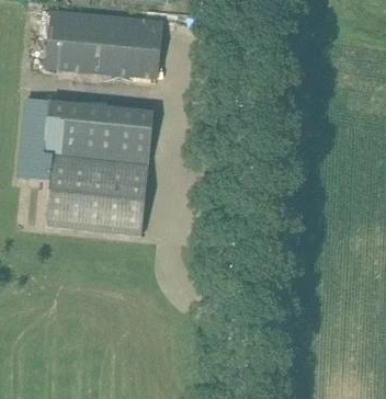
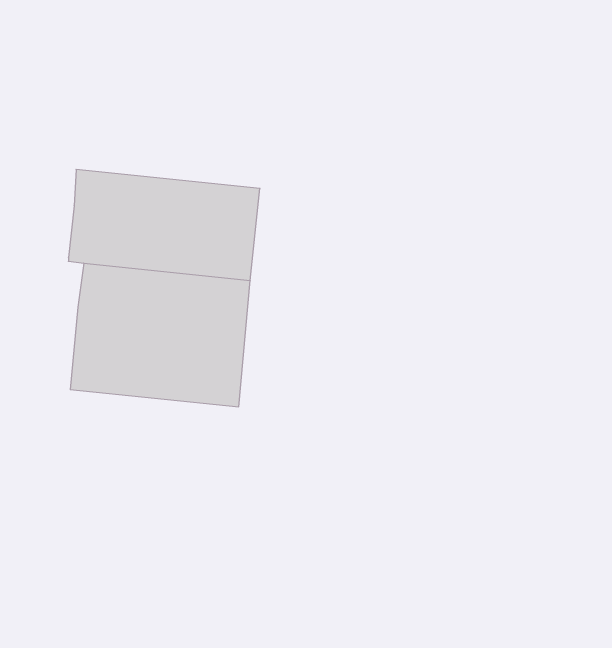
building: [46,9,162,77] -> none
building: [19,96,53,178] -> none

